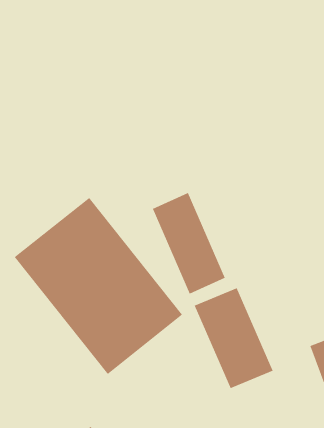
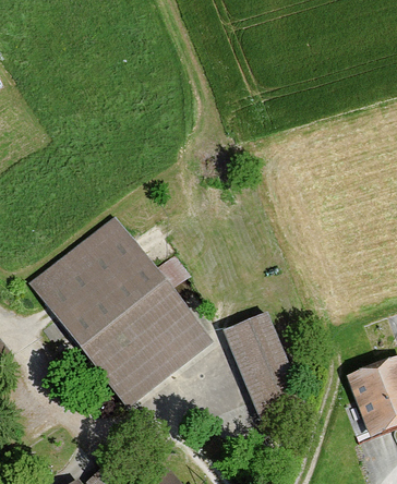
building: [152,192,225,294] -> none

